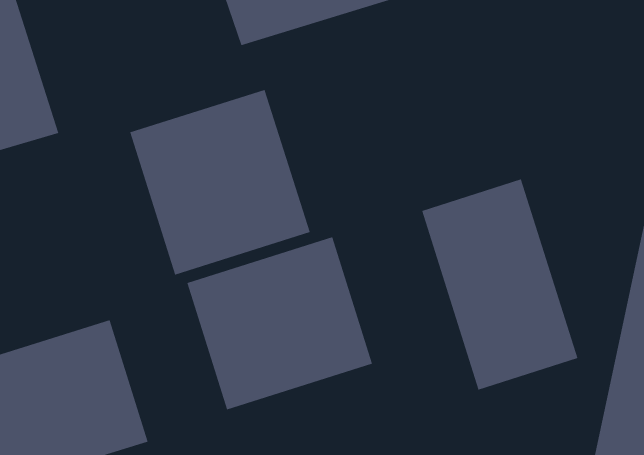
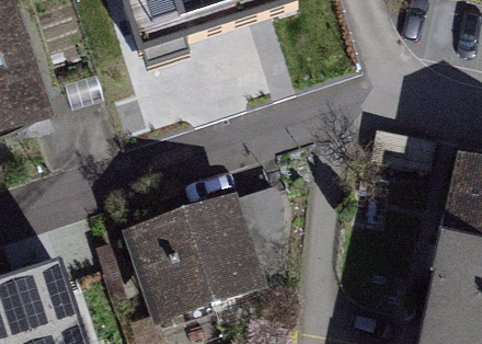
building: [129,89,310,275] -> none
building: [422,179,578,390] -> none

